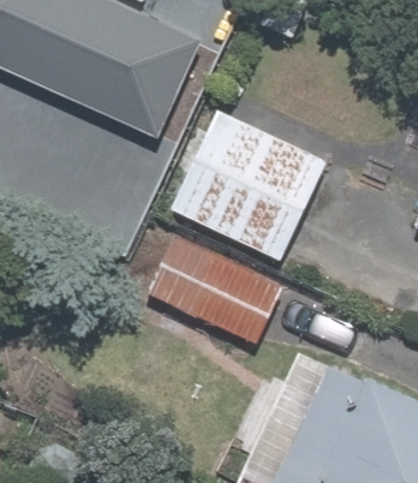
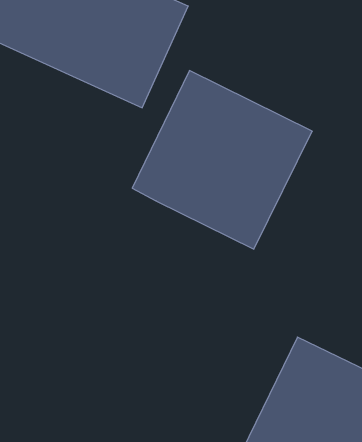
building: [147,228,293,353] -> none

